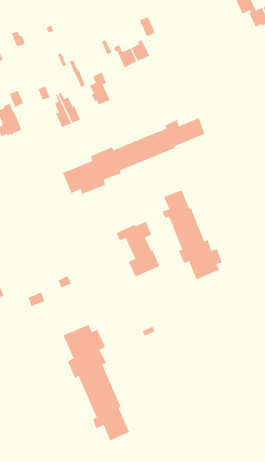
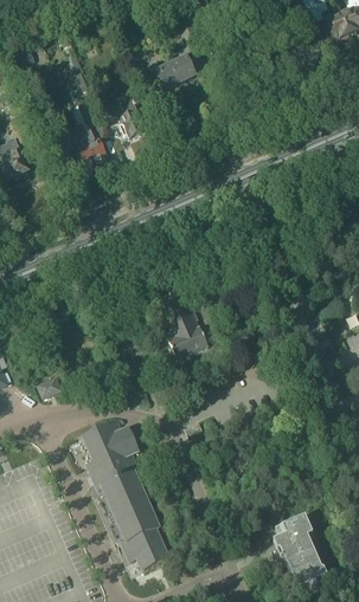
building: [62,117,205,195] -> none
building: [162,189,222,280] -> none
building: none -> [270,513,328,588]

